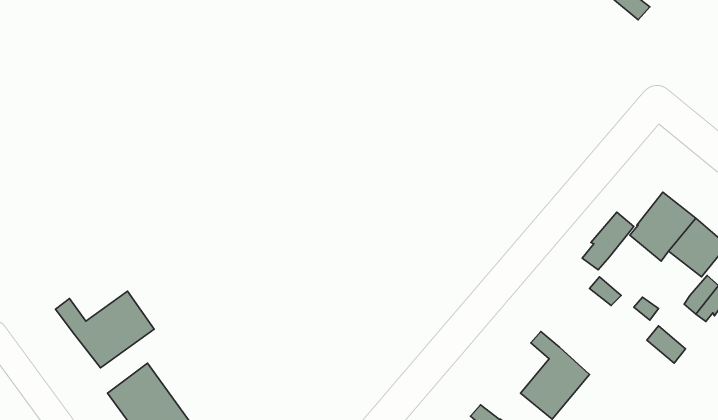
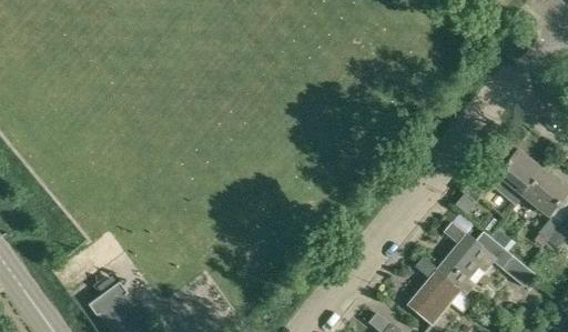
building: none -> [437,223,495,294]
building: [56,291,154,368] -> none

